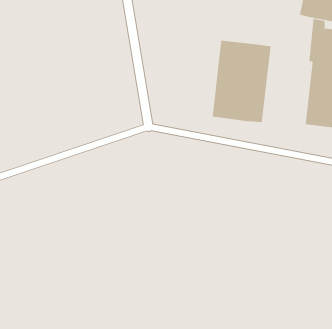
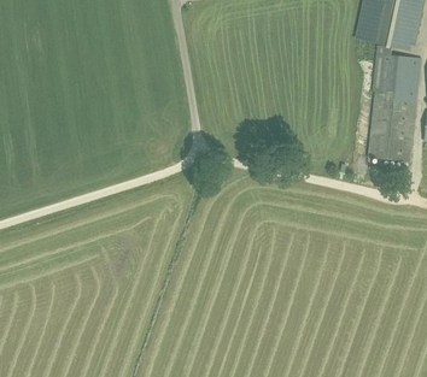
building: [212,40,271,123] -> none

